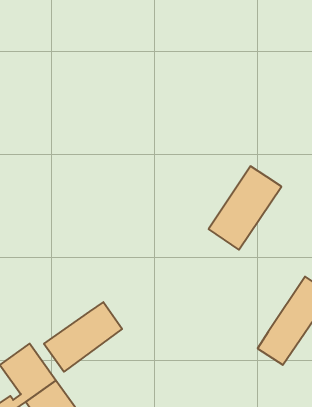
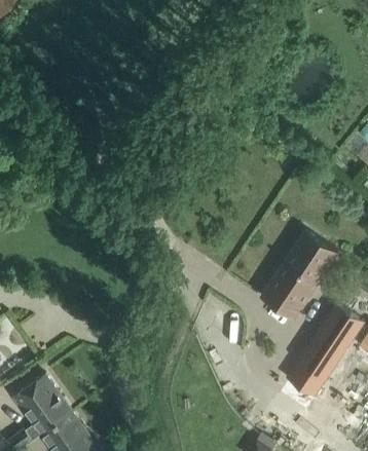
building: [209,166,281,250] -> [261,231,338,320]
building: [44,302,122,372] -> none

